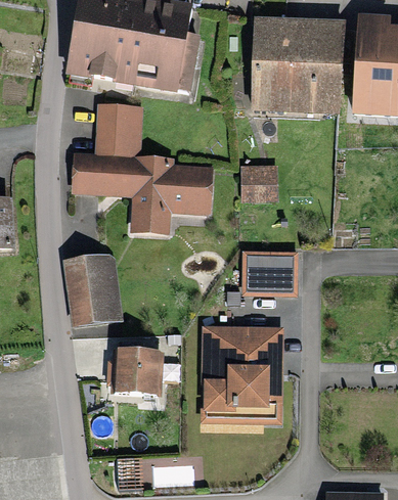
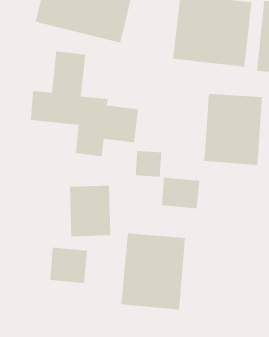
building: none -> [204,93,263,166]
building: [242,168,275,199] -> [135,151,162,177]
building: [62,257,120,325] -> [69,185,111,237]

